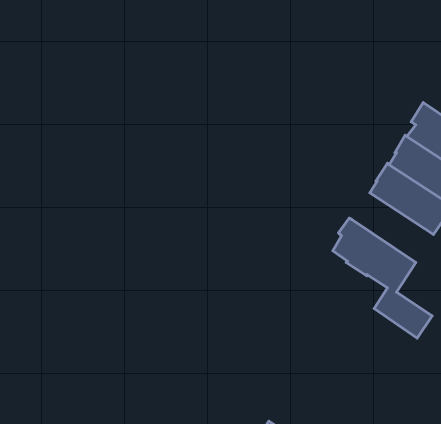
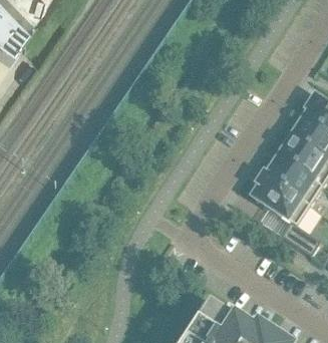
building: none -> [264,156,319,205]

